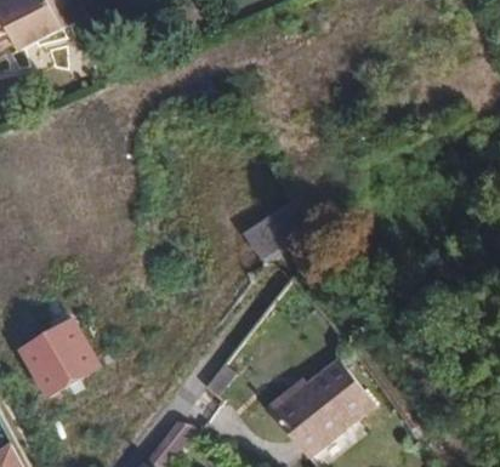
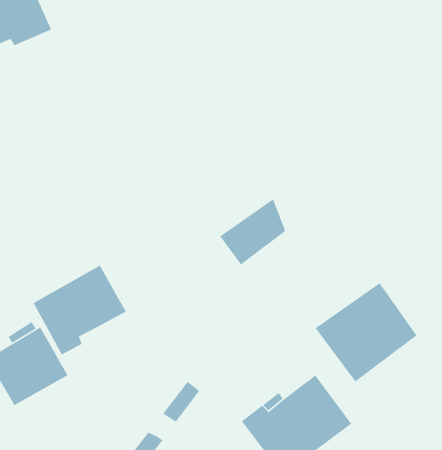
building: none -> [33,265,127,356]
building: none -> [314,282,418,383]

